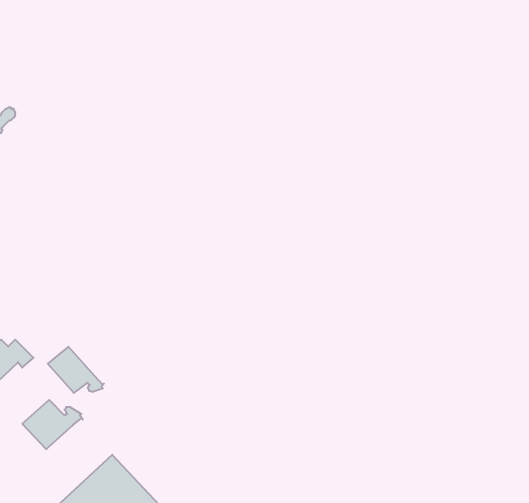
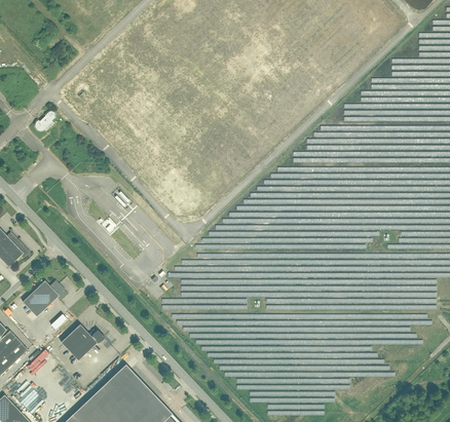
building: [48,347,104,393] -> none

